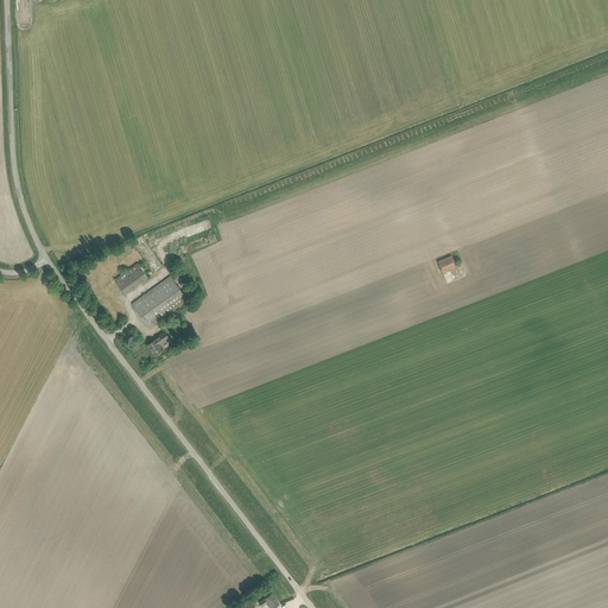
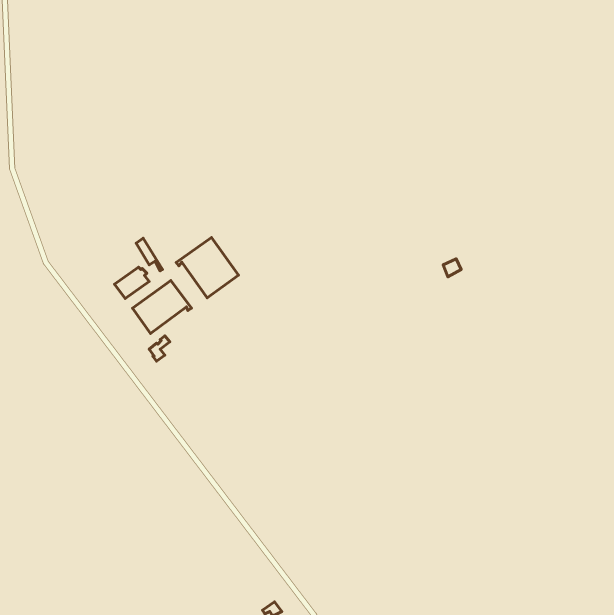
building: none -> [176,238,239,298]

